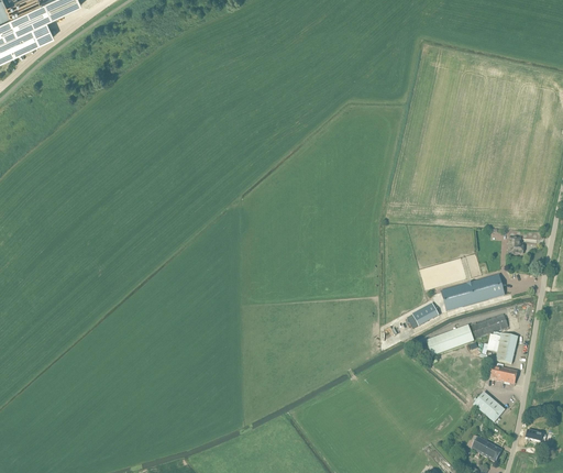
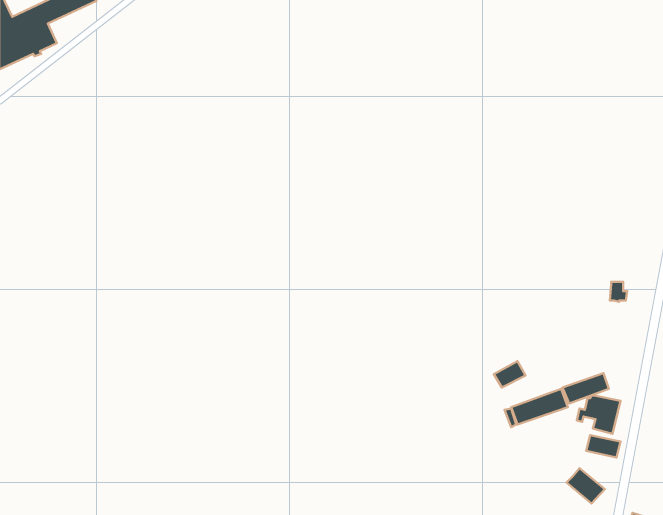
building: [443,276,505,310] -> none

